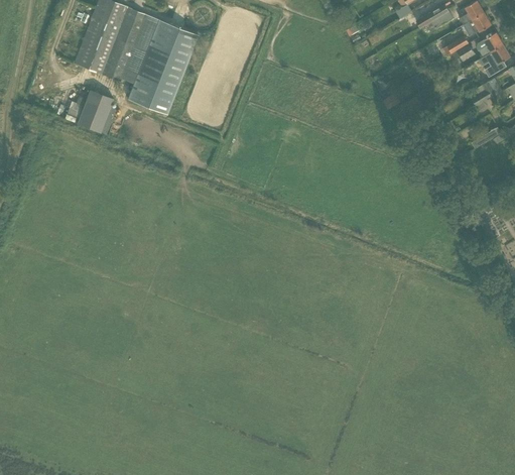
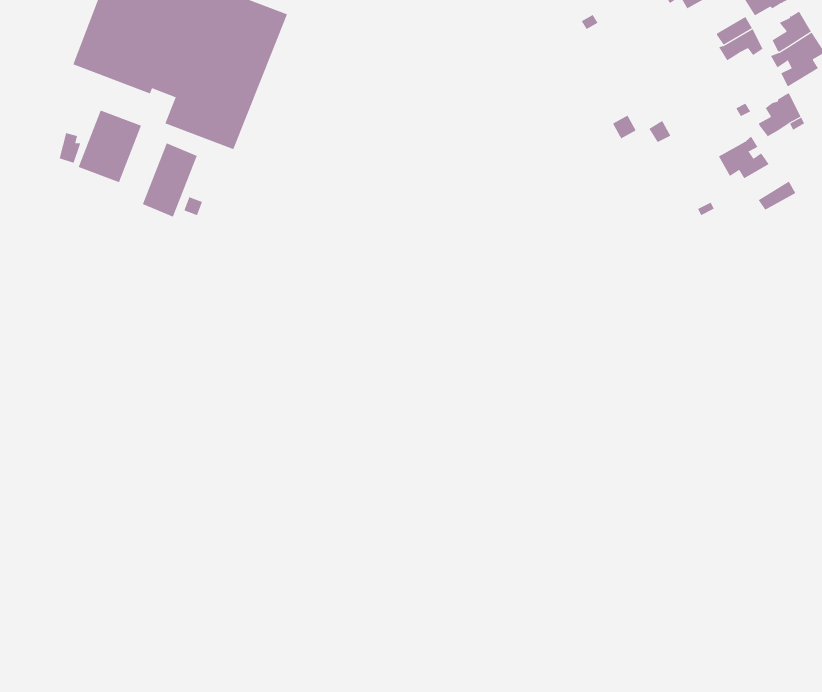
building: none -> [718,136,769,179]
building: none -> [142,143,197,217]

